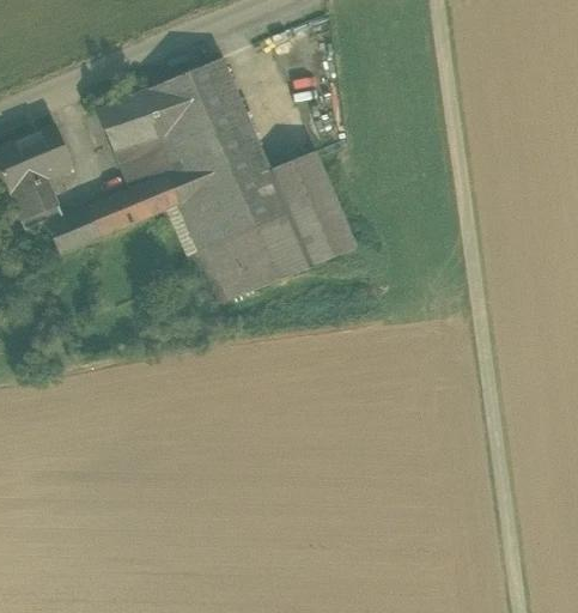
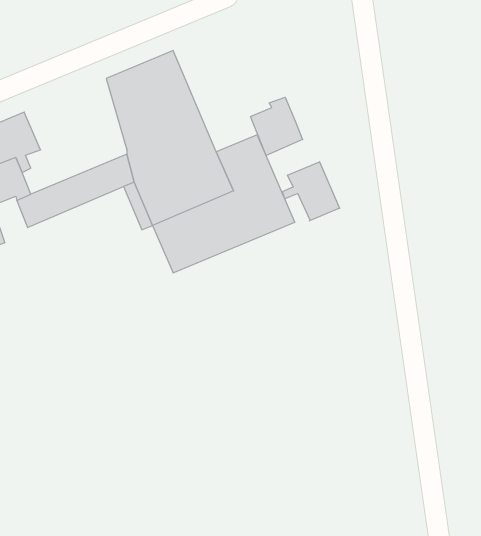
building: [96,89,169,184] -> none
building: none -> [251,97,303,155]
building: none -> [282,162,340,221]

